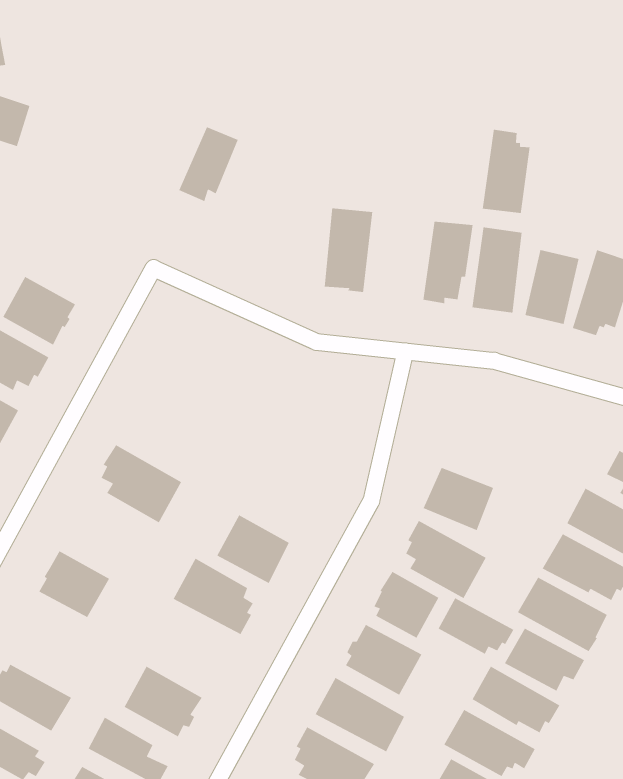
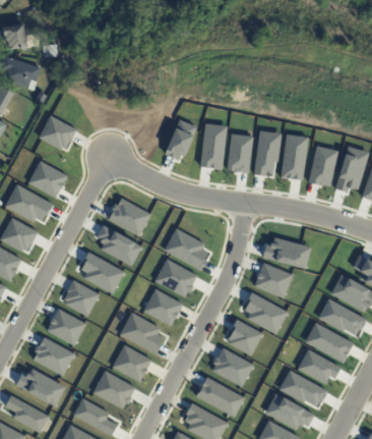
building: [178,126,239,202] -> [164,119,196,160]
building: [482,129,531,214] -> none
building: none -> [38,114,76,150]
building: none -> [226,133,252,172]
building: none -> [108,198,150,236]
building: none -> [97,224,141,266]
building: none -> [164,227,207,270]
building: none -> [262,236,310,268]
building: none -> [154,259,197,296]
building: none -> [63,279,100,316]
building: [437,597,514,655] -> none
building: none -> [33,336,74,376]
building: none -> [112,344,151,382]

